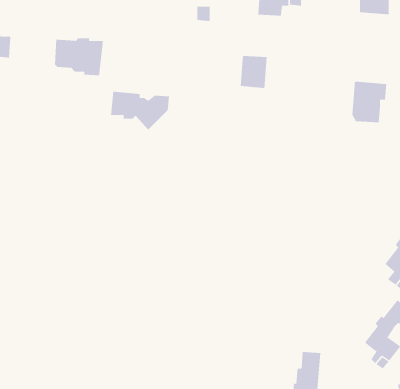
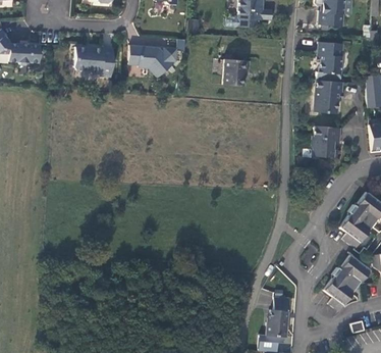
building: none -> [317,43,341,82]
building: [110,91,170,131] -> [130,45,178,77]
building: none -> [310,125,340,157]

